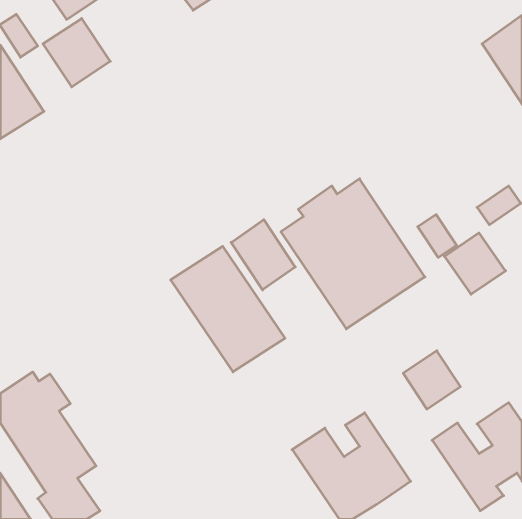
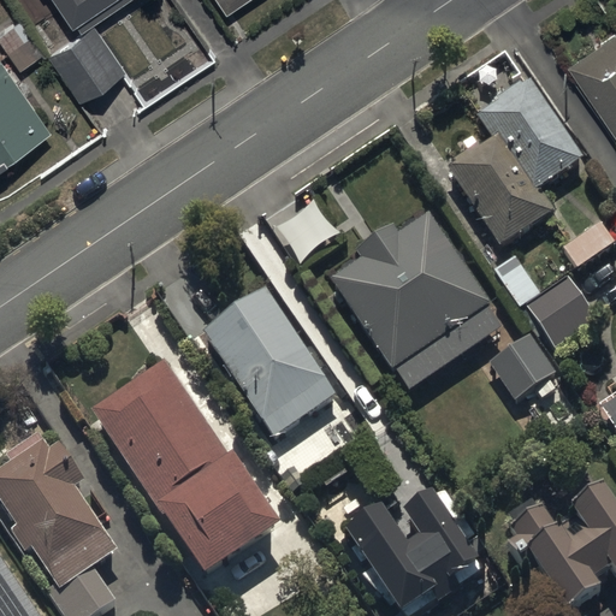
building: none -> [448,76,580,245]
building: [231,220,295,290] -> none
building: none -> [97,366,271,570]
building: [403,351,460,409] -> [490,332,557,401]

